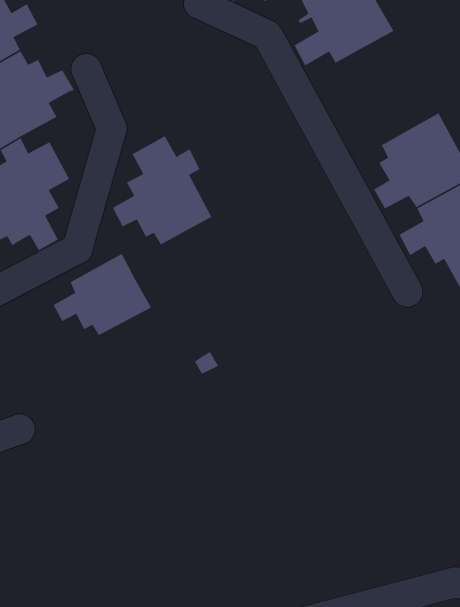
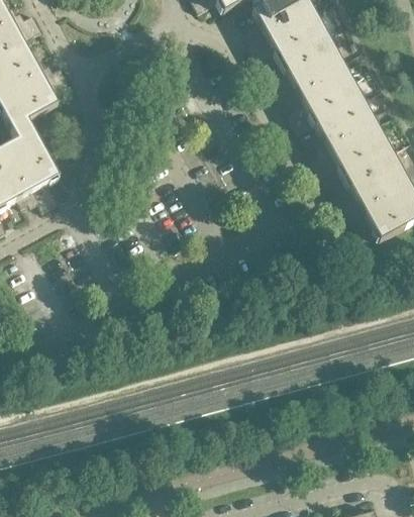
building: none -> [266,29,361,120]
building: [112,135,213,245] -> none
building: [53,253,152,336] -> none

